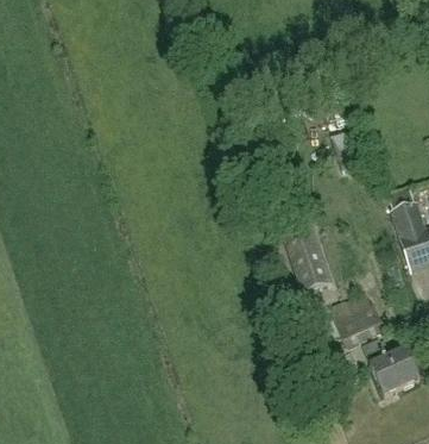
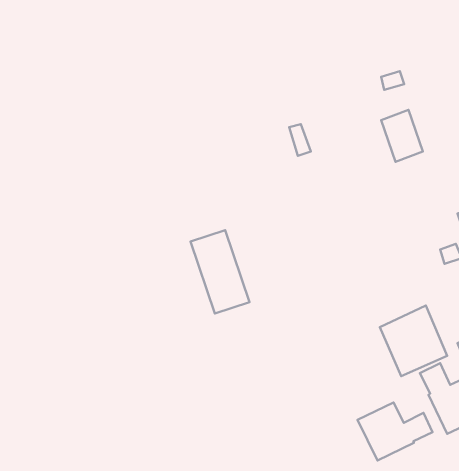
building: [282,221,330,290] -> [191,230,249,314]
building: none -> [357,402,433,460]

